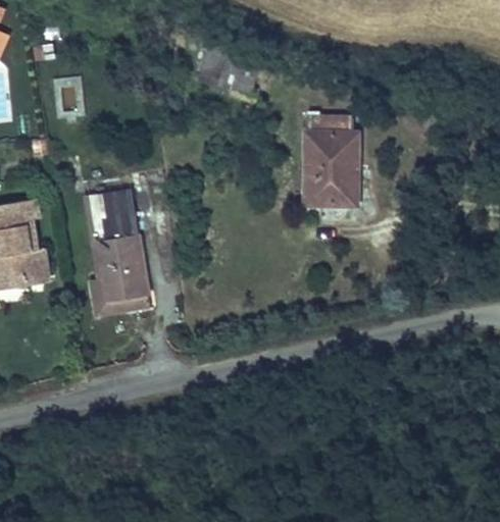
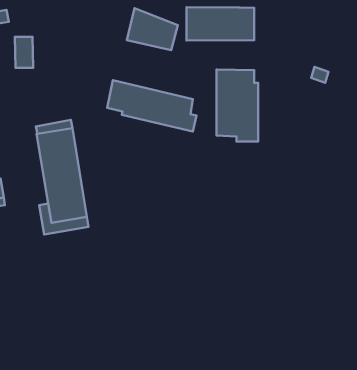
building: none -> [186,7,254,40]
building: none -> [107,80,197,132]

